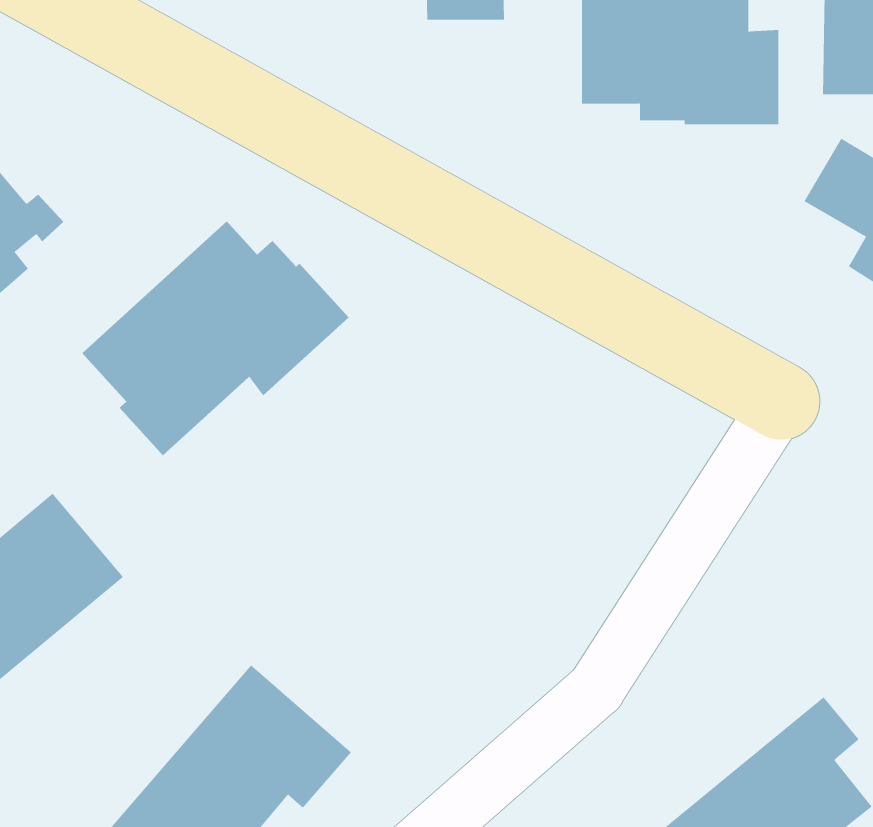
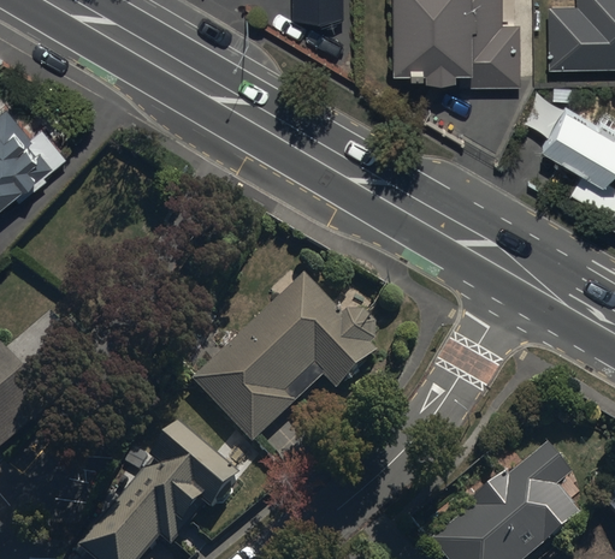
building: [82,221,349,456] -> none
building: none -> [193,276,375,444]

